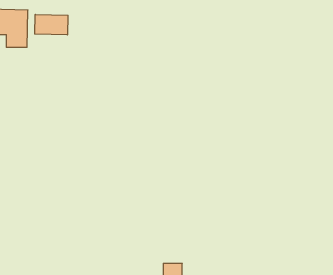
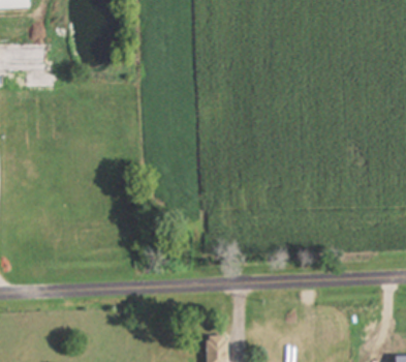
building: [35,14,68,35] -> none

